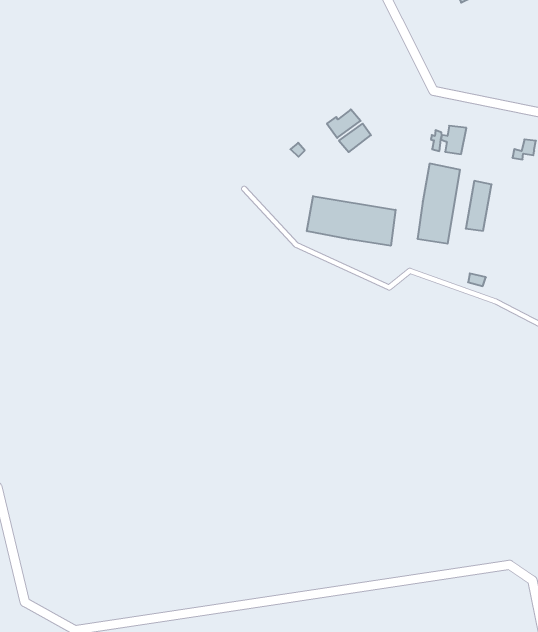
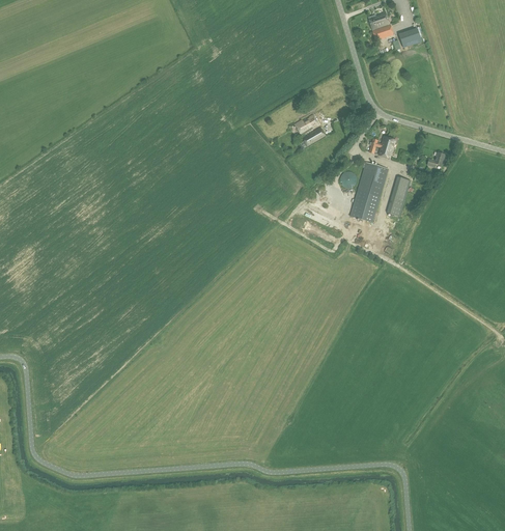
building: [307,196,396,246] -> none

